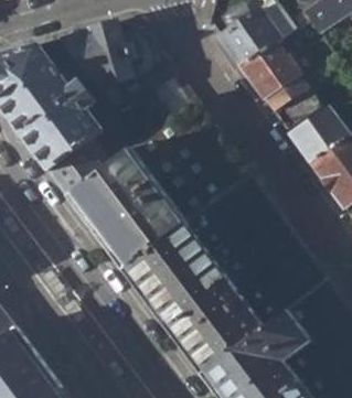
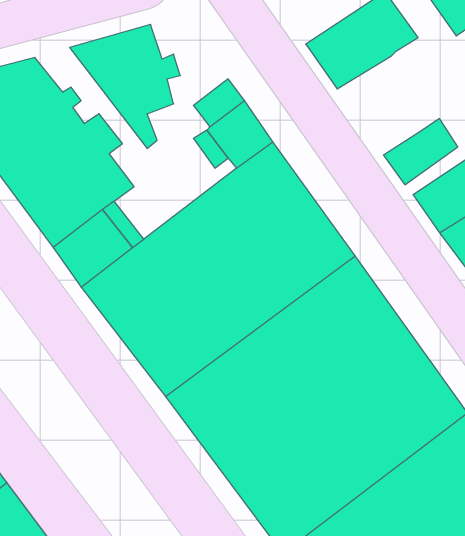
building: [238,44,307,110] -> none

